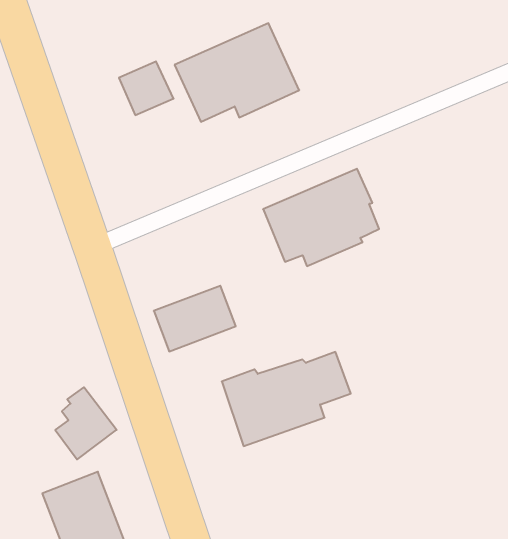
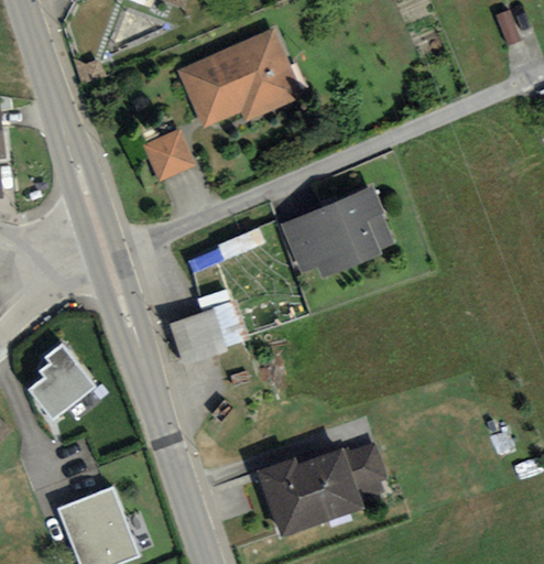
building: [119,61,174,115] -> [149,132,204,186]
building: [222,352,351,446] -> [258,441,388,535]
building: [55,387,117,459] -> [29,344,90,416]

